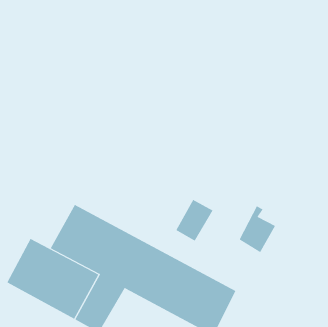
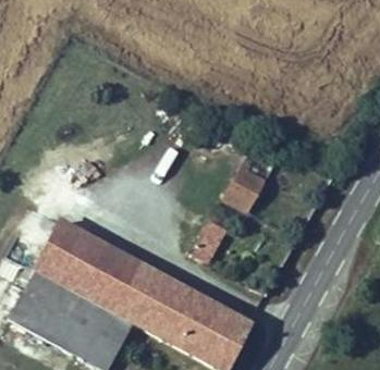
building: none -> [34,220,81,279]
building: [239,205,276,253] -> [225,165,265,215]

